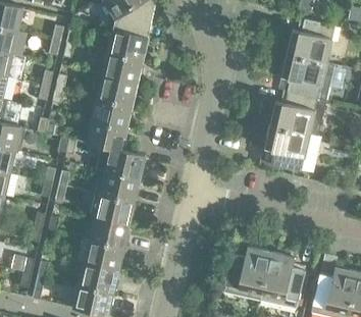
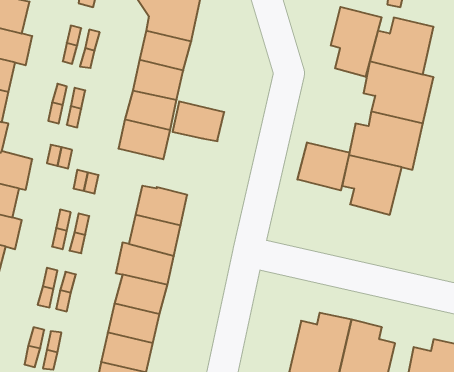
building: none -> [331,7,382,77]
building: none -> [297,142,349,190]
building: [87,120,126,151] -> [173,101,224,141]

